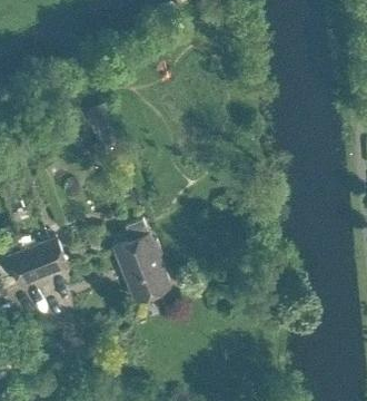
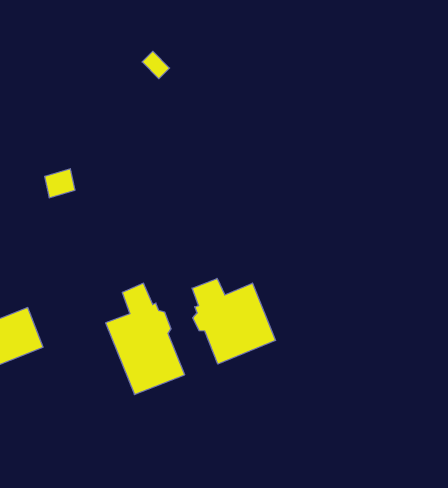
building: none -> [192,278,276,364]

